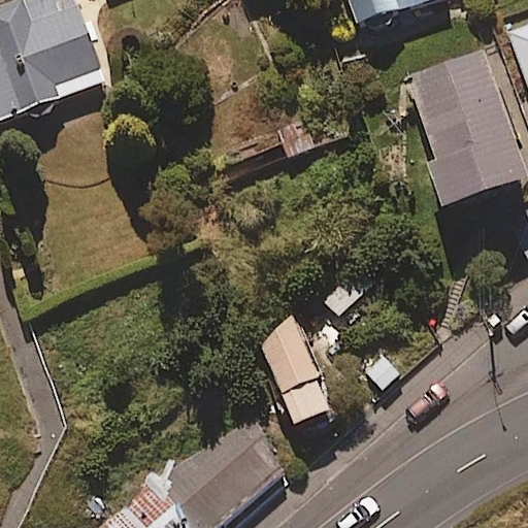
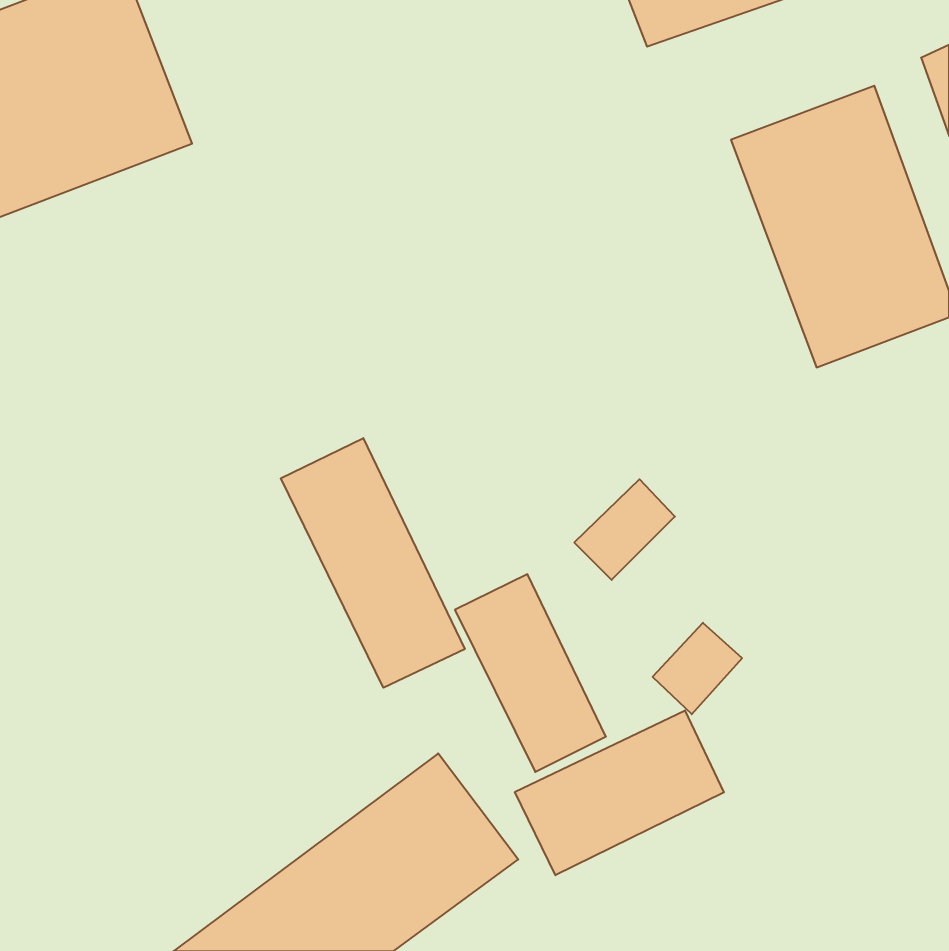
building: none -> [281,438,465,688]
building: none -> [515,710,724,875]

